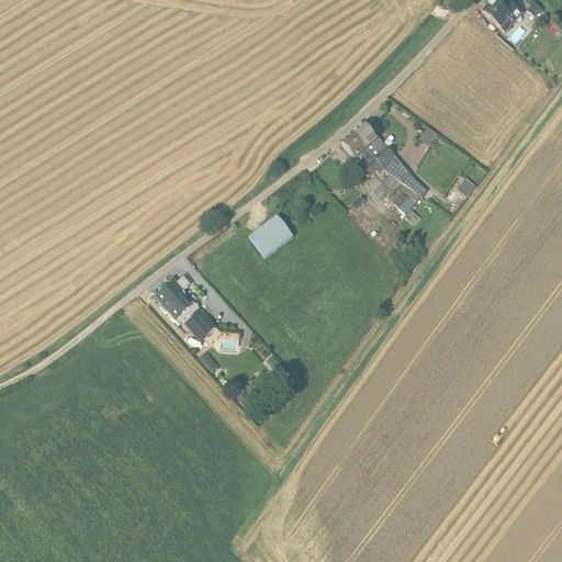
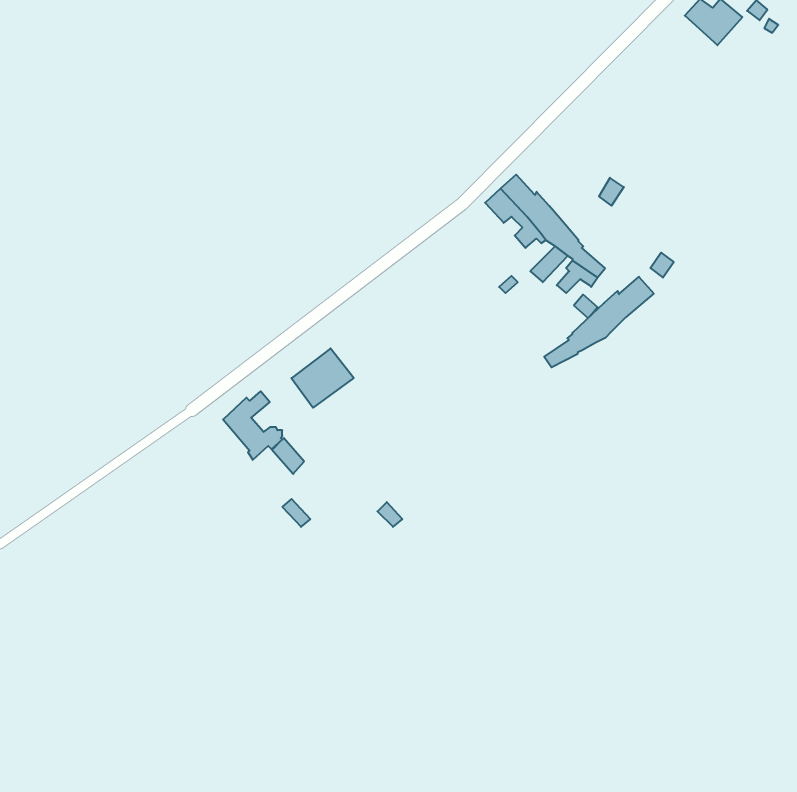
building: none -> [544,277,654,367]
building: [249,214,293,256] -> [291,348,354,408]

